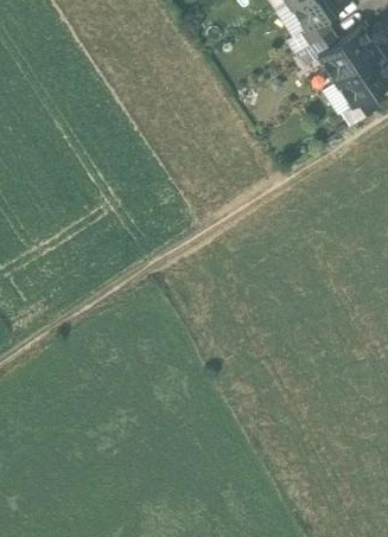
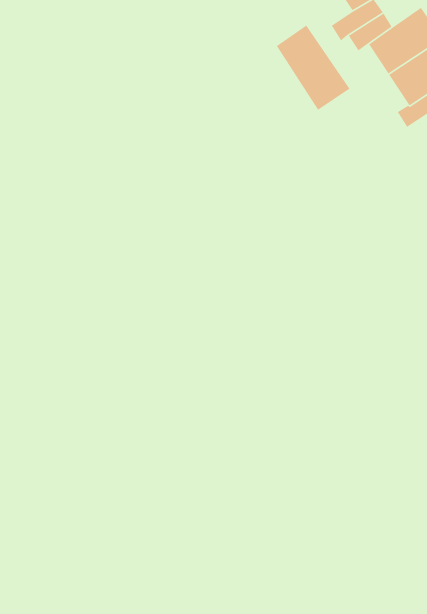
building: none -> [276,25,351,111]

